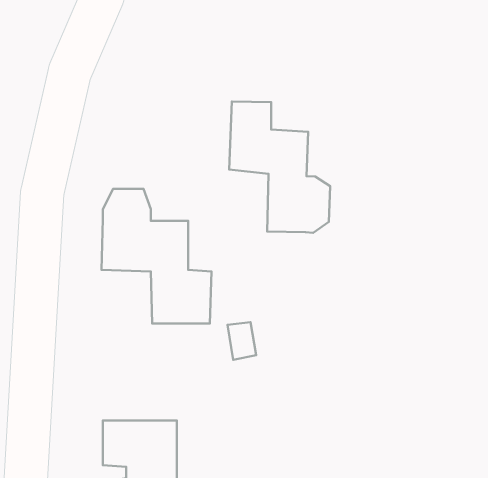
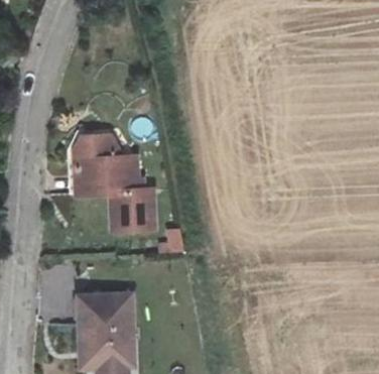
building: [229,102,330,233] -> none

